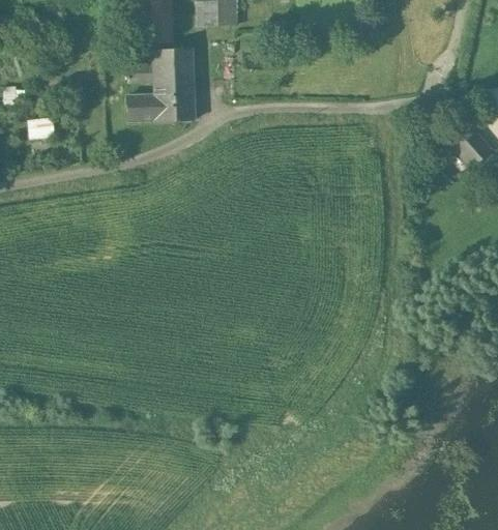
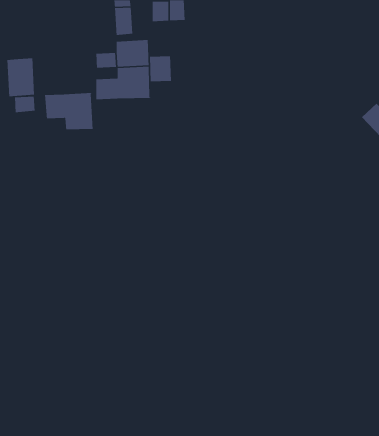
building: none -> [149,56,172,82]
building: none -> [6,58,35,97]
building: none -> [44,92,93,130]

